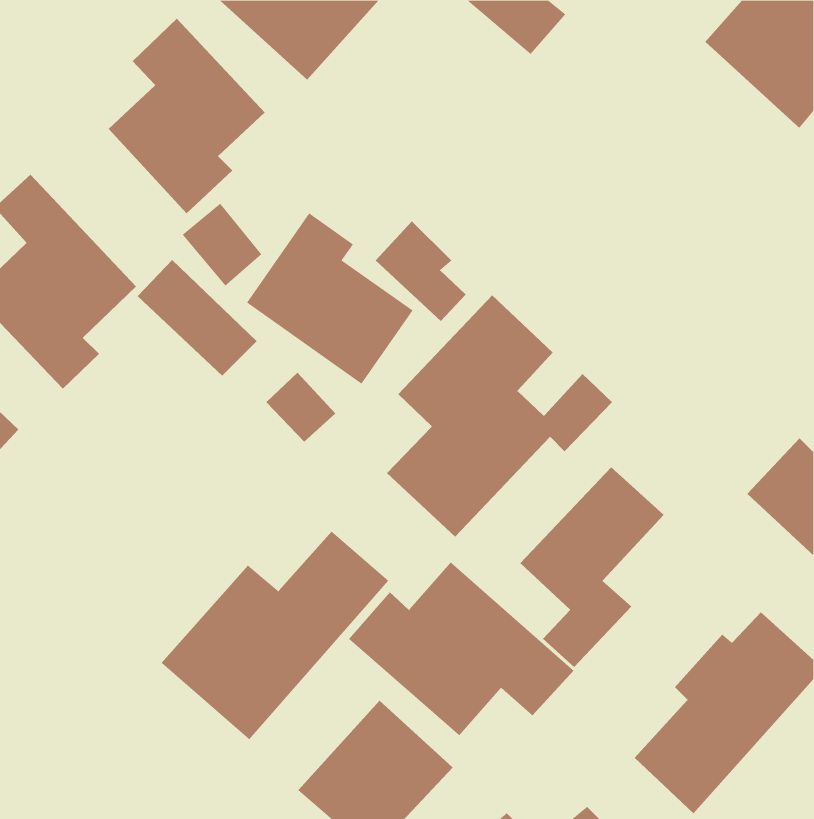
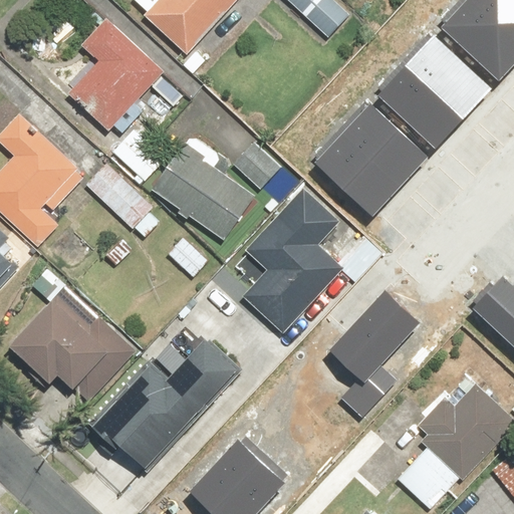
building: none -> [371,36,485,150]
building: none -> [310,103,424,217]
building: none -> [13,289,139,406]
building: [348,562,575,736] -> none

